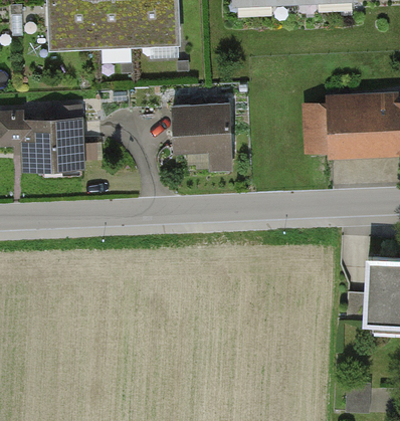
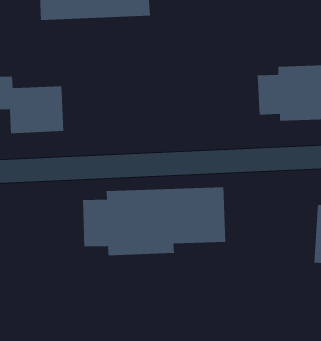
building: [171,104,230,173] -> none
building: none -> [83,186,226,256]

